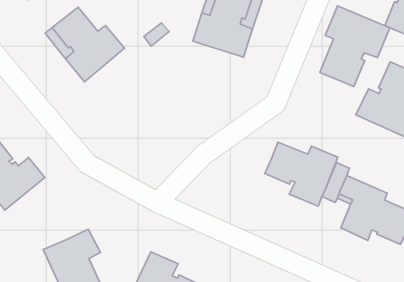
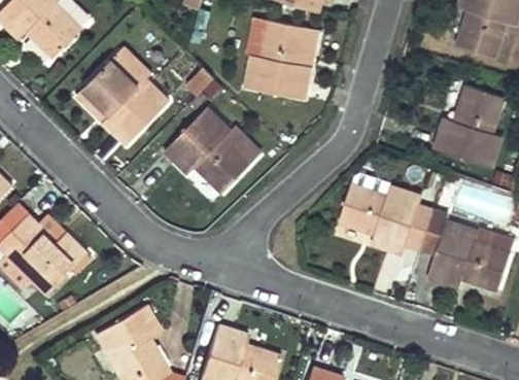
building: [320,6,390,87] -> none
building: none -> [163,104,246,189]

